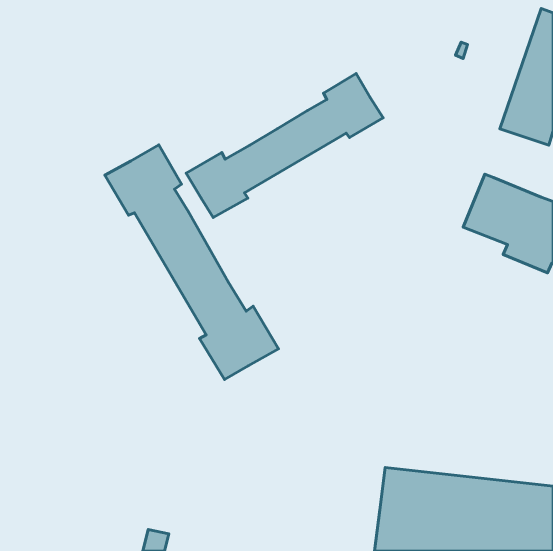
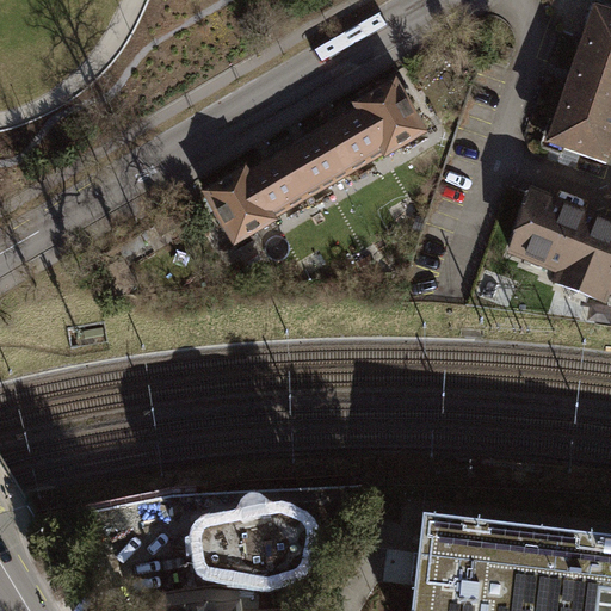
building: [105,145,279,379] -> none
building: none -> [196,502,314,586]

